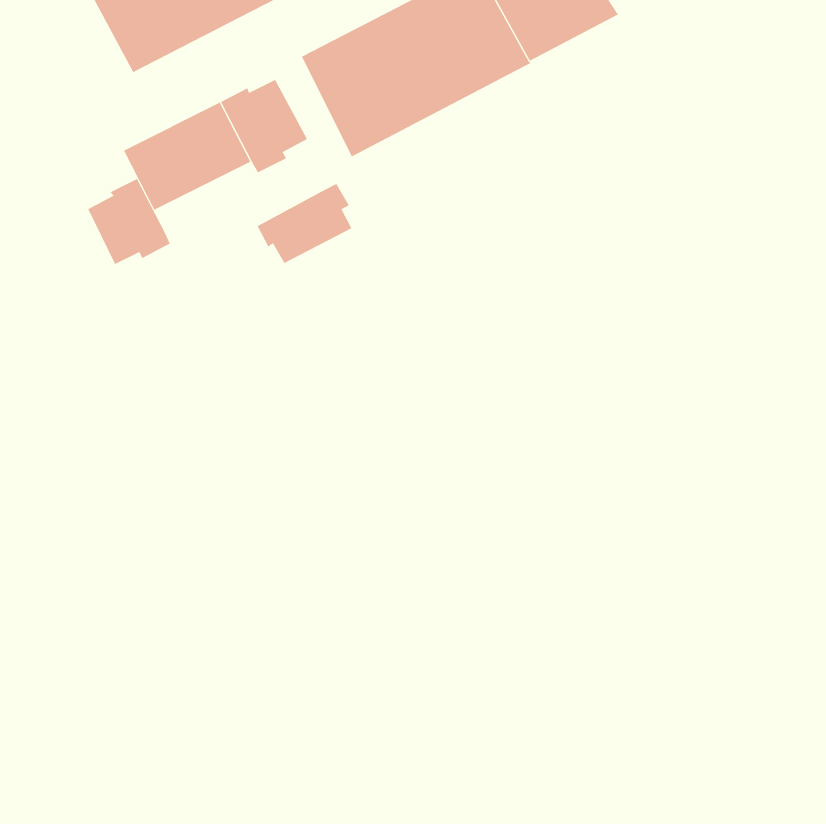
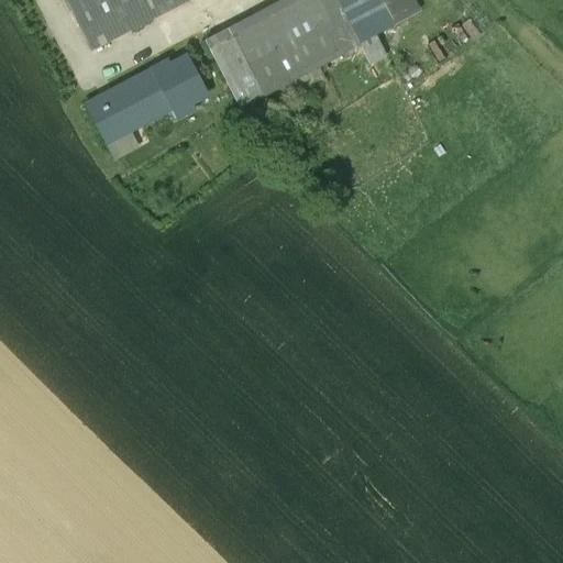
building: [87,178,170,265] -> none
building: [257,183,352,264] -> none

